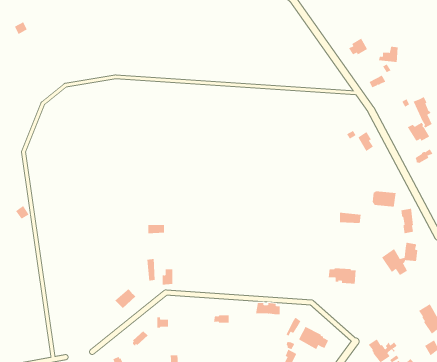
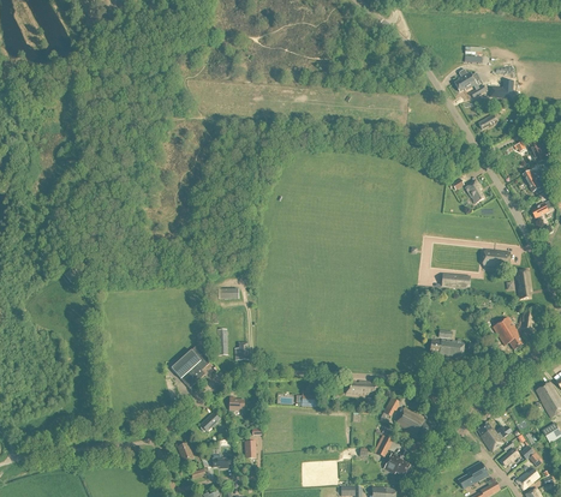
building: none -> [171,341,210,377]

